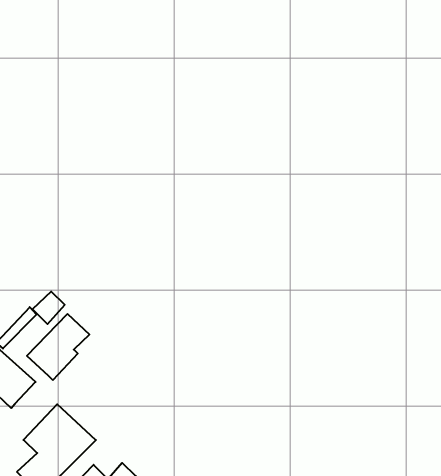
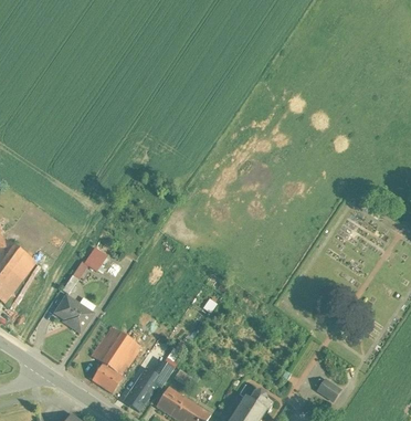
building: [27,314,89,380] -> none

